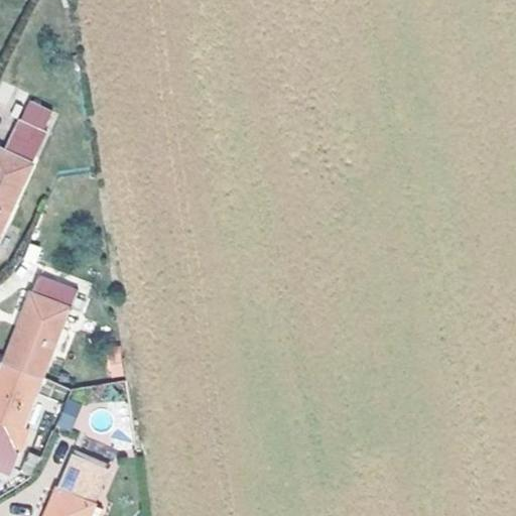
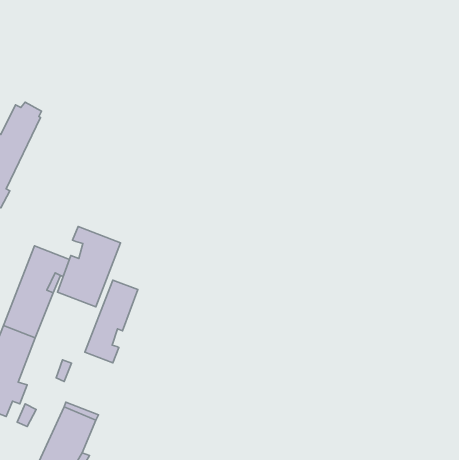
building: none -> [58,226,121,307]
building: none -> [85,280,138,363]

